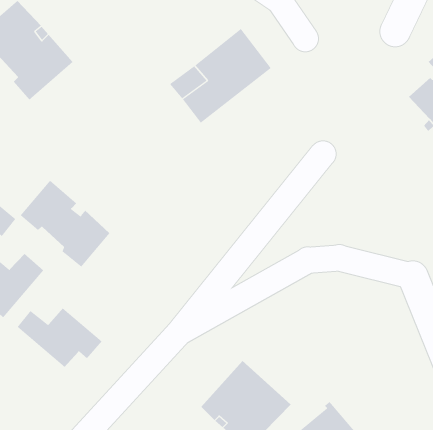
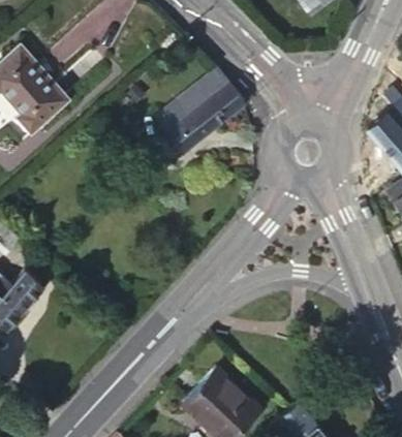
building: [20,180,110,268] -> none
building: [17,307,102,368] -> none

